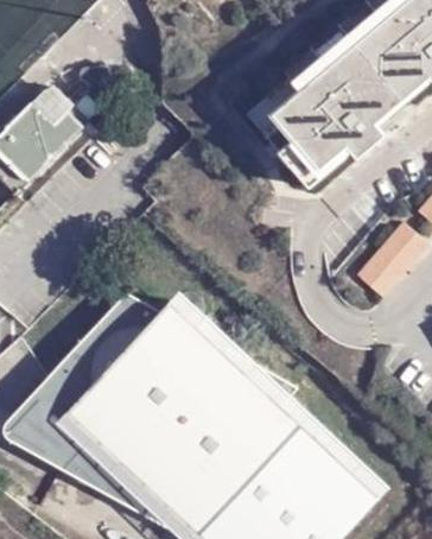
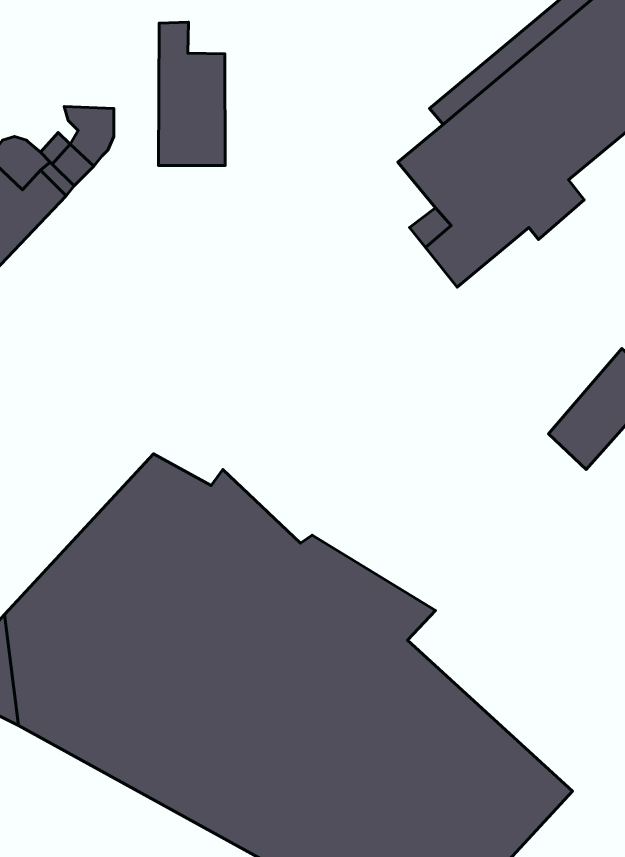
building: none -> [159,22,225,166]

